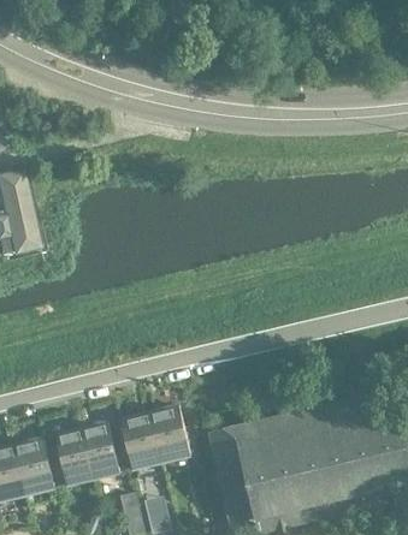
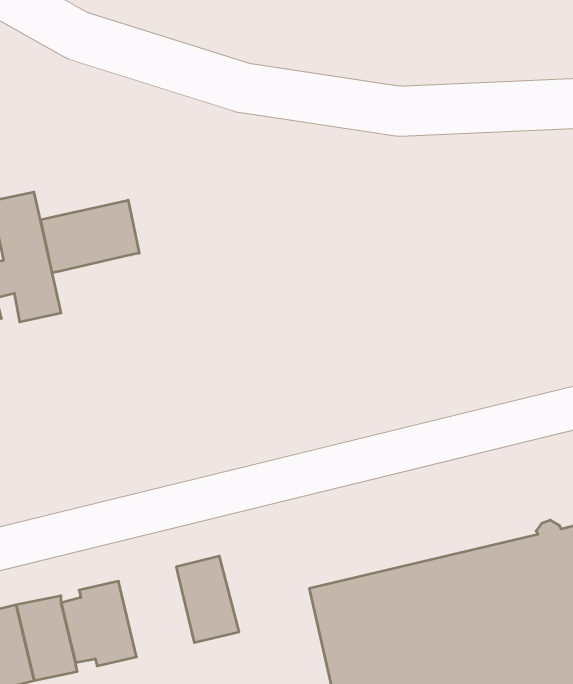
building: none -> [41,200,139,273]
building: [148,405,189,462] -> none
building: [81,422,130,478] -> none

